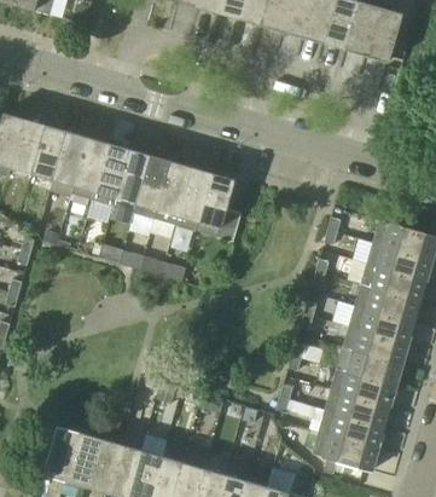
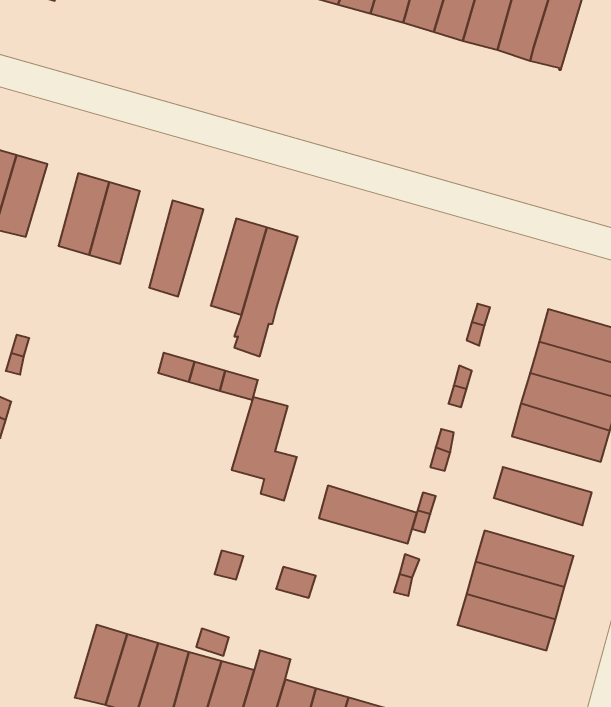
building: [31,125,66,179] -> none
building: [92,143,129,207] -> none
building: [133,155,172,219] -> none
building: [198,173,242,242] -> [232,397,297,501]
building: [349,306,414,343] -> none
building: [337,347,402,386] -> [319,486,417,544]
building: [43,426,79,480] -> none
building: [313,432,378,474] -> none

